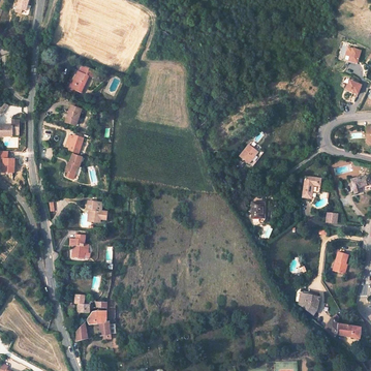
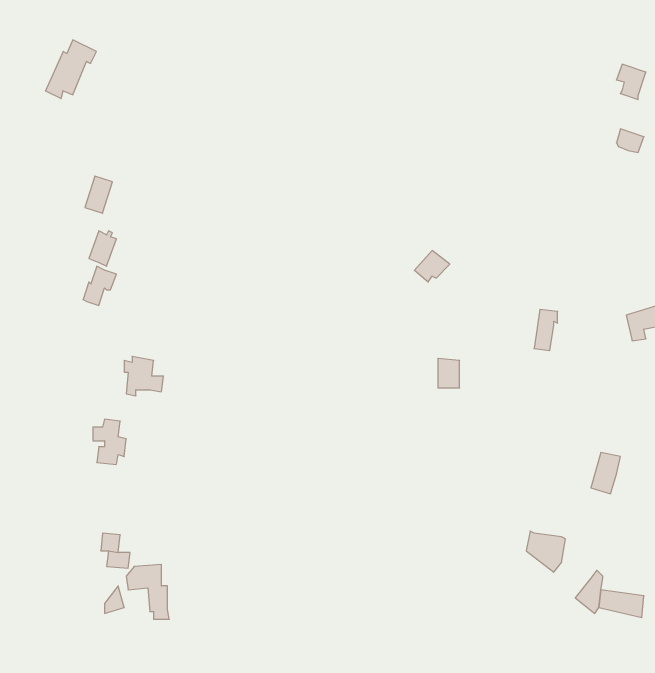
building: [68,64,95,95] -> [45,40,96,99]

